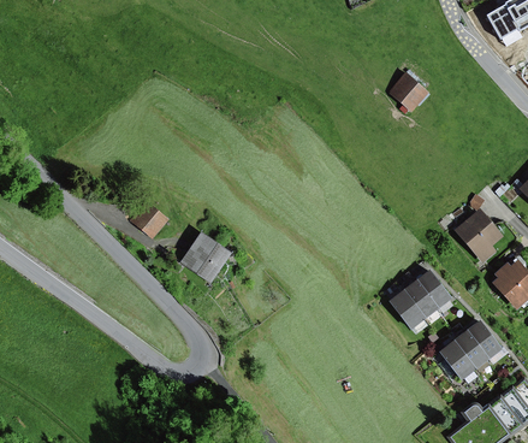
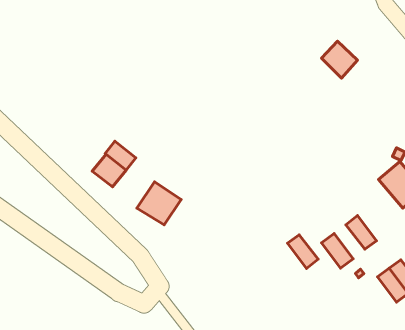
building: none -> [105,141,136,170]
building: [405,280,440,319] -> [288,235,318,269]
building: [440,339,476,380] -> none

